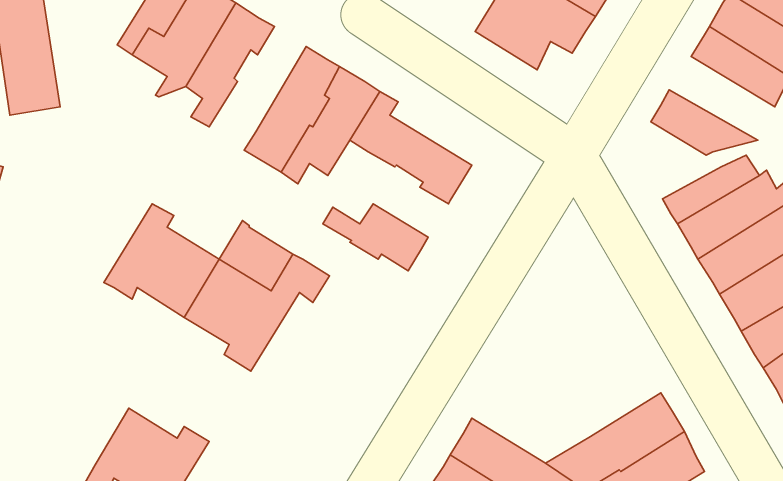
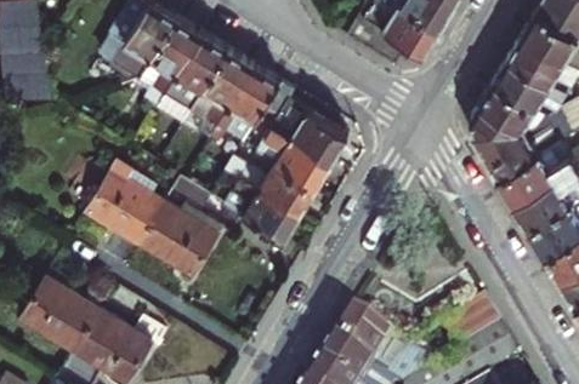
building: none -> [158,31,228,113]
building: none -> [492,53,568,114]
building: none -> [471,101,529,156]
building: none -> [257,122,331,184]
building: none -> [226,174,302,236]
building: none -> [17,268,100,349]

